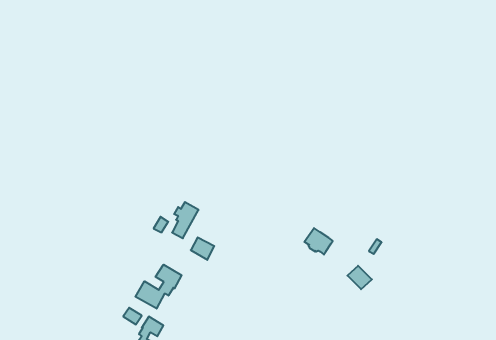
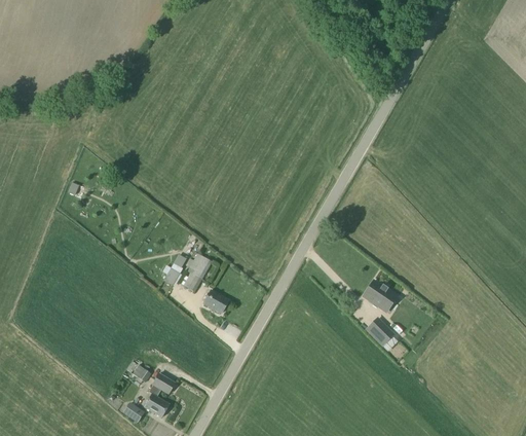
building: [304,228,333,255] -> [363,281,392,308]
building: [135,265,182,309] -> none

